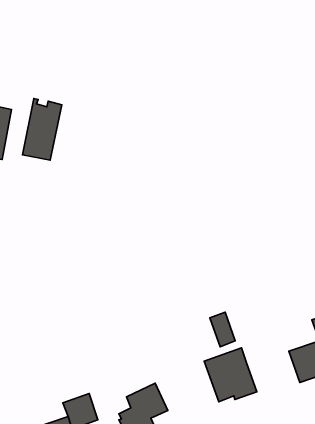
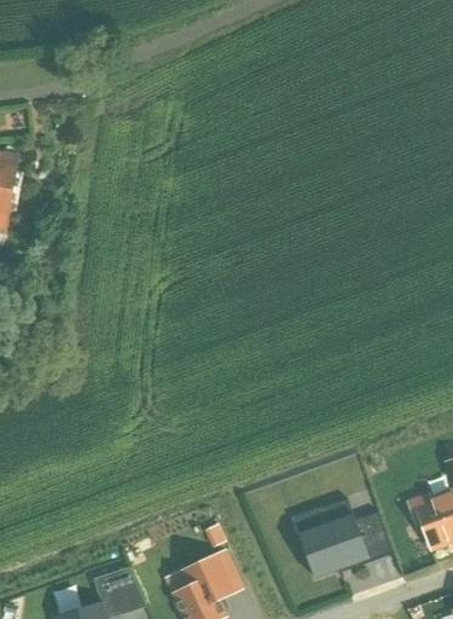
building: [23,98,62,160] -> none
building: [210,312,235,347] -> [354,513,390,562]

